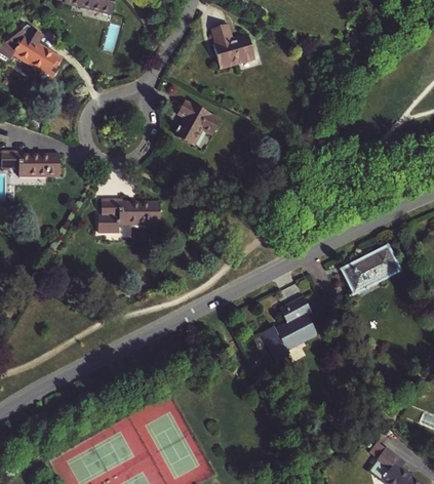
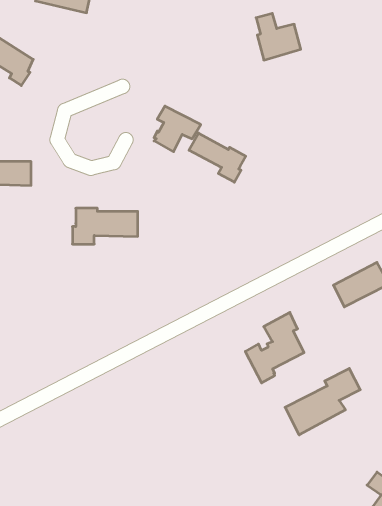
building: [212,24,254,68] -> [256,13,301,60]
building: none -> [189,133,246,182]
building: none -> [285,368,360,435]

